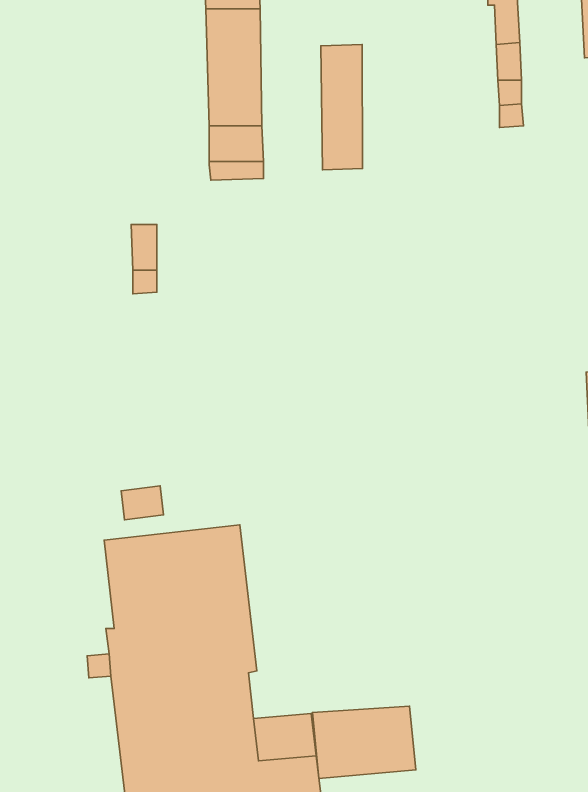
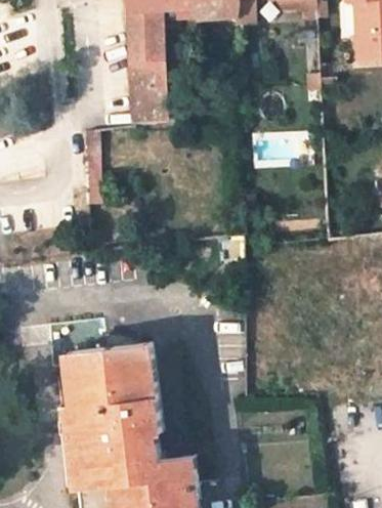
building: [321,44,363,170] -> none
building: [312,706,416,779] -> none

